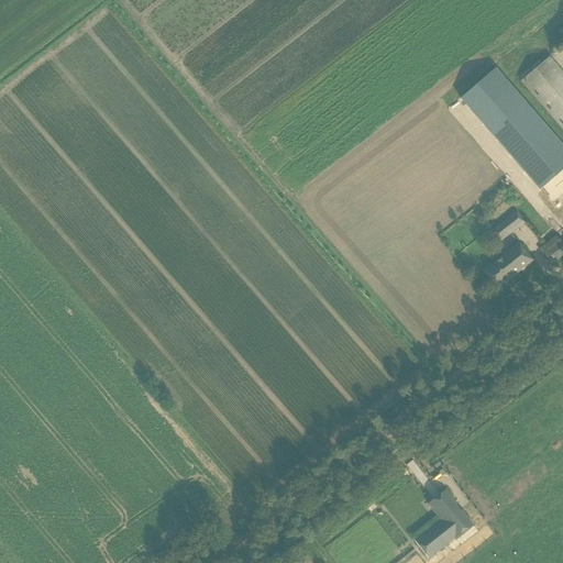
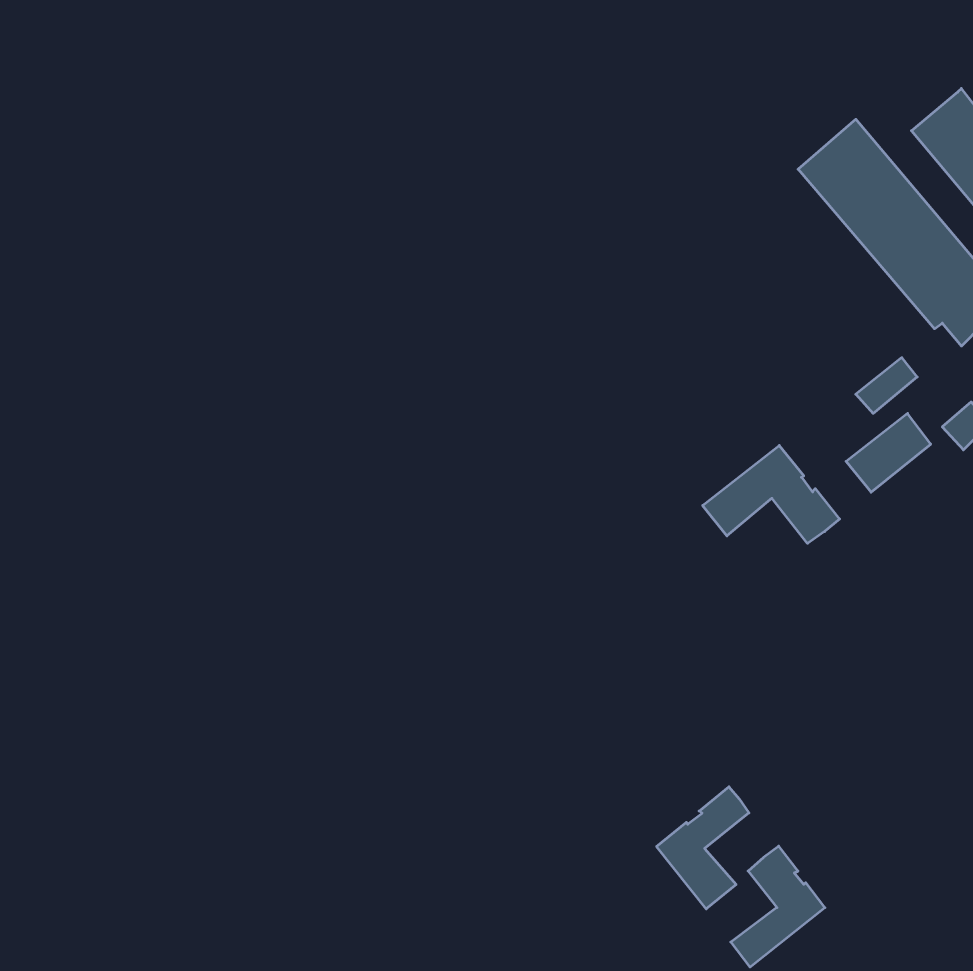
building: none -> [703,445,840,543]
building: none -> [657,787,749,909]

